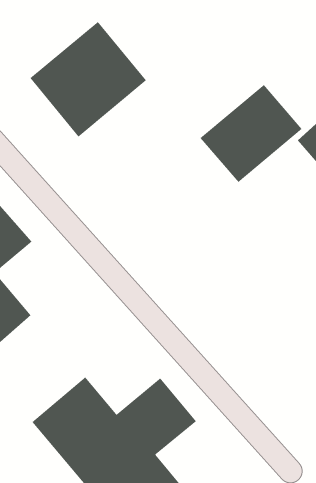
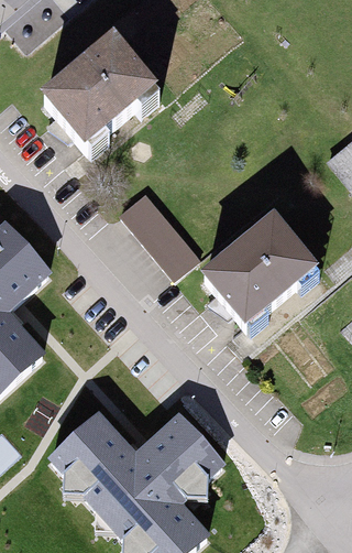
building: [200,84,302,183] -> [206,223,315,327]
building: none -> [118,186,198,276]

